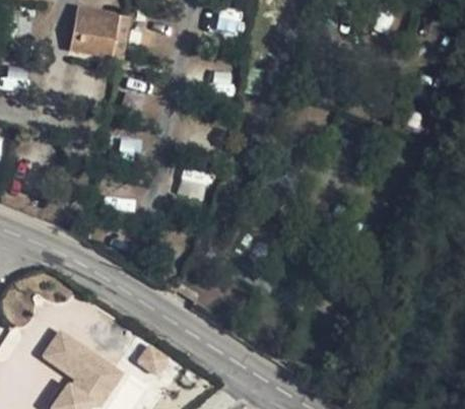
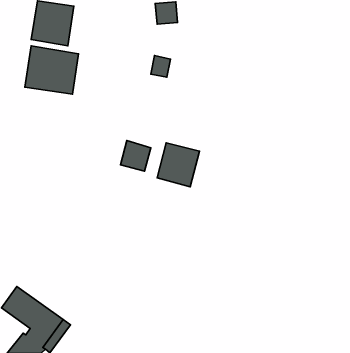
building: none -> [25,46,79,94]
building: none -> [157,143,199,187]

